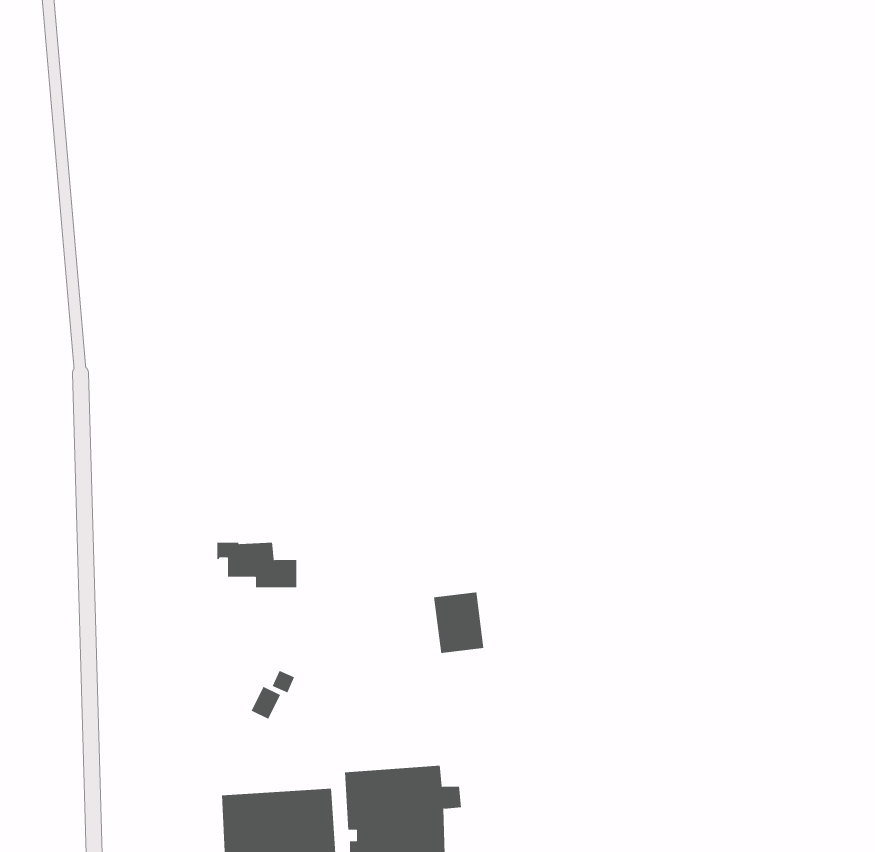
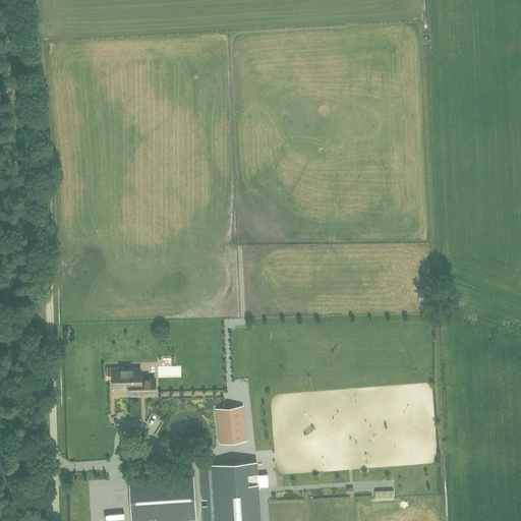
building: [216,542,297,588] -> [108,370,155,397]
building: [433,592,484,653] -> [218,408,247,444]

